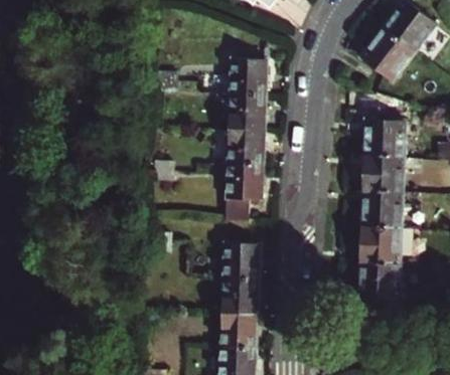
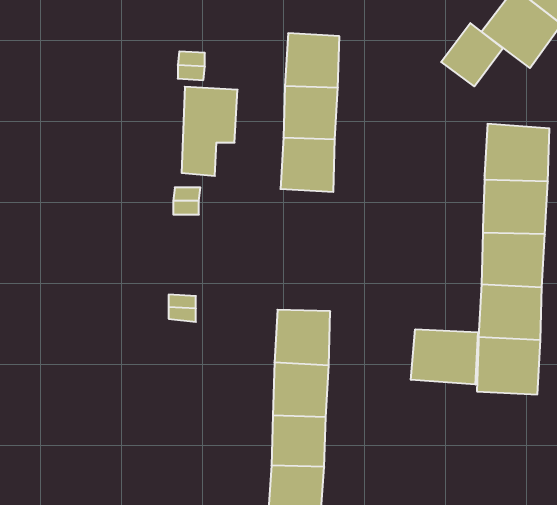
building: none -> [441,23,503,86]
building: [224,163,262,222] -> [182,87,238,176]
building: none -> [411,329,478,385]

